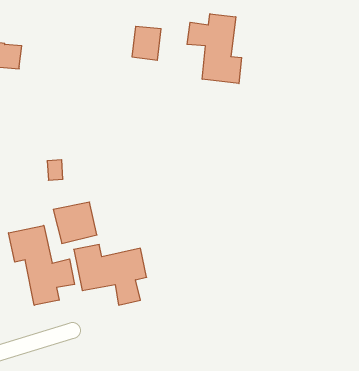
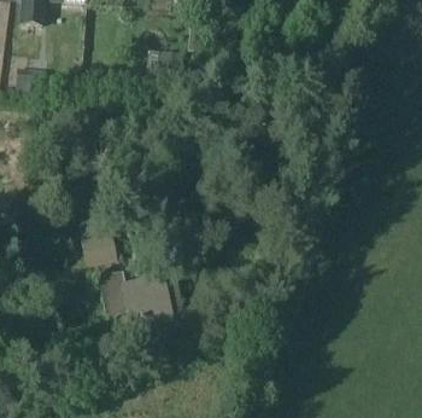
building: [187,14,242,84] -> none
building: [9,225,75,305] -> none

